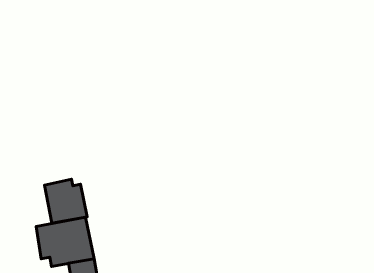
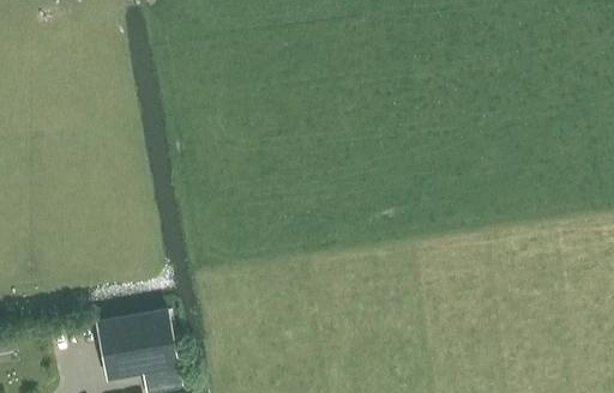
building: [45,179,87,223] -> none

